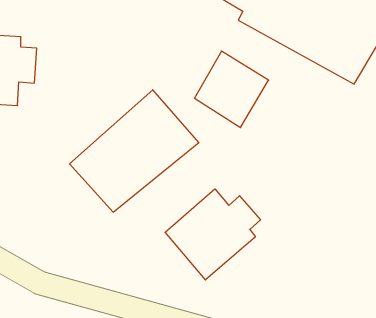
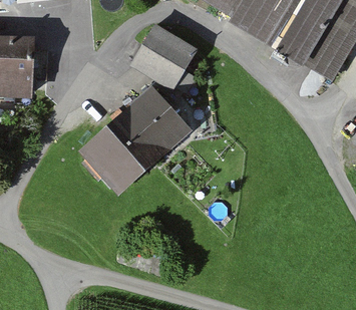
building: [194,51,269,128] -> [131,22,198,90]
building: [165,189,260,280] -> none

